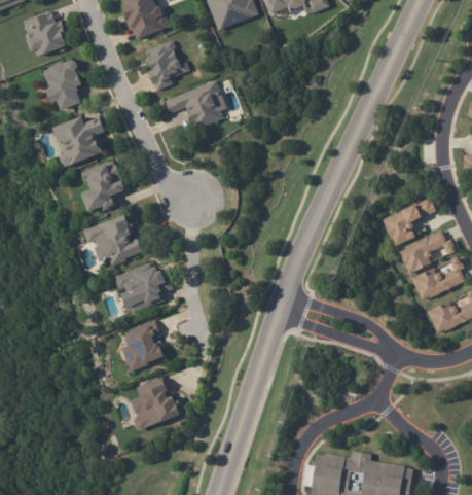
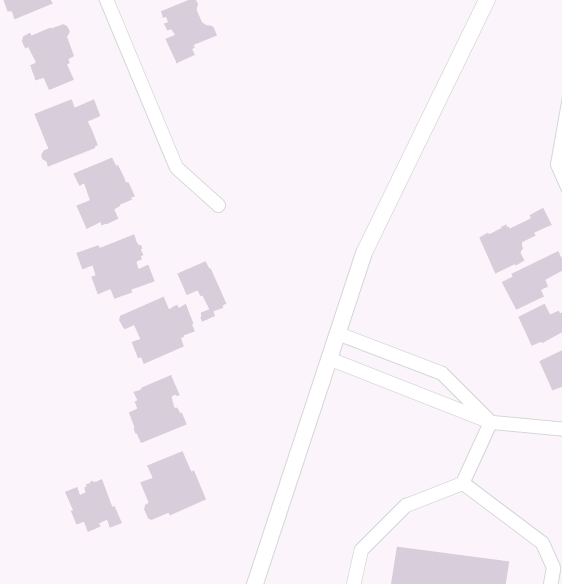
building: [167,80,227,129] -> none
building: none -> [176,260,227,323]
building: none -> [64,478,123,533]

